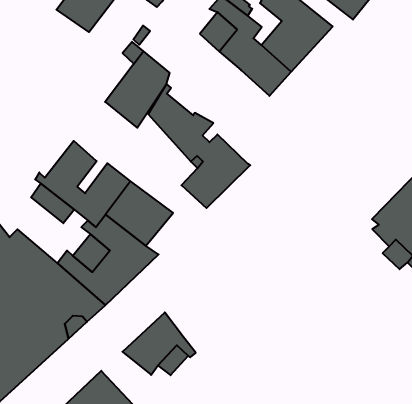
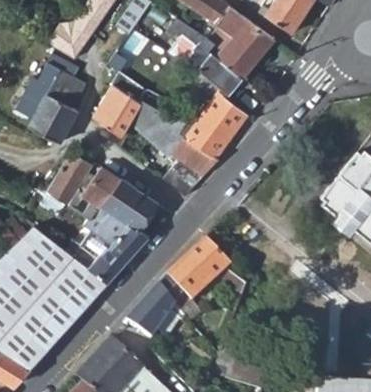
building: none -> [17,54,86,142]
building: none -> [189,81,248,157]
building: none -> [158,237,247,303]

